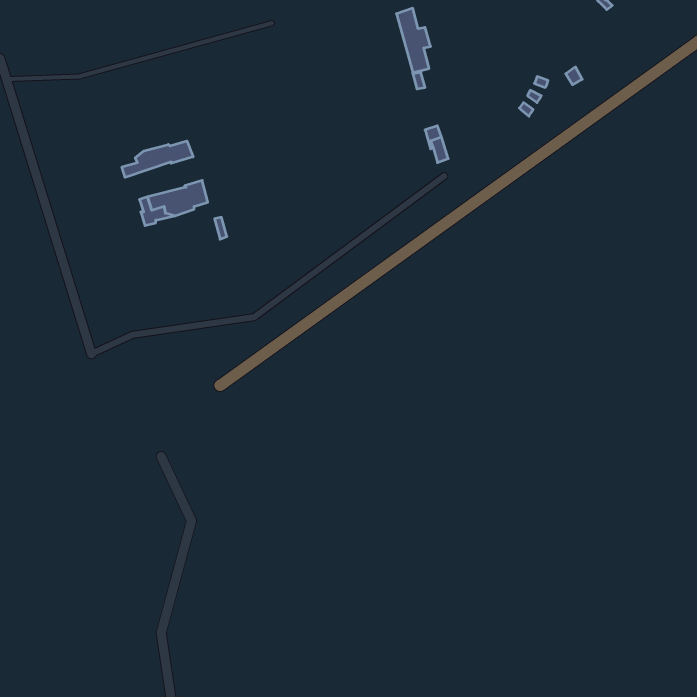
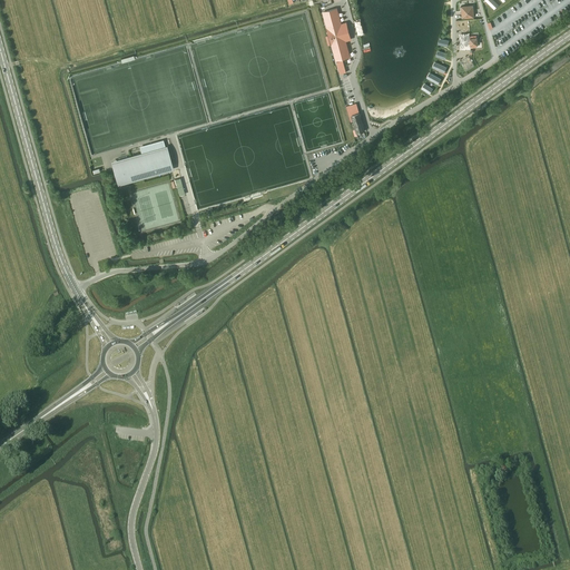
building: [122,141,193,177] -> none

